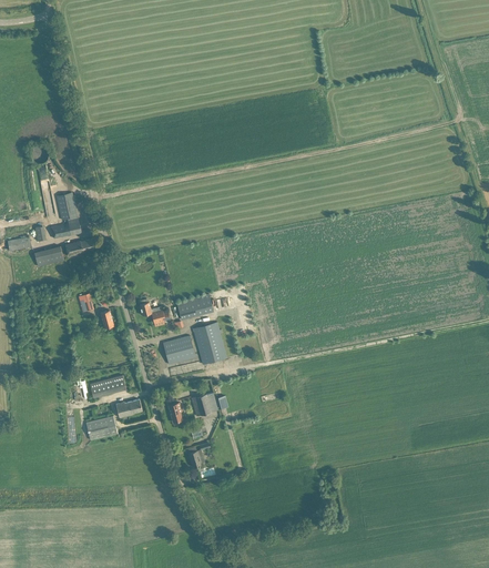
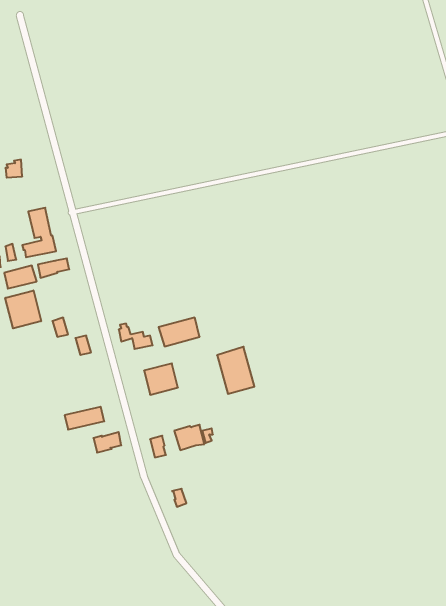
building: none -> [5,290,41,328]
building: [193,321,227,364] -> [217,347,254,394]
building: [85,415,118,440] -> none

